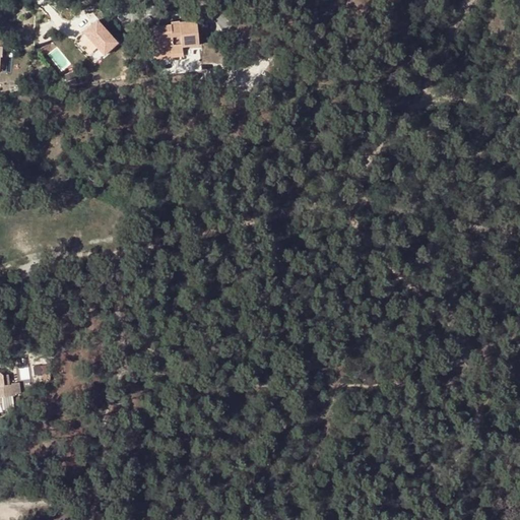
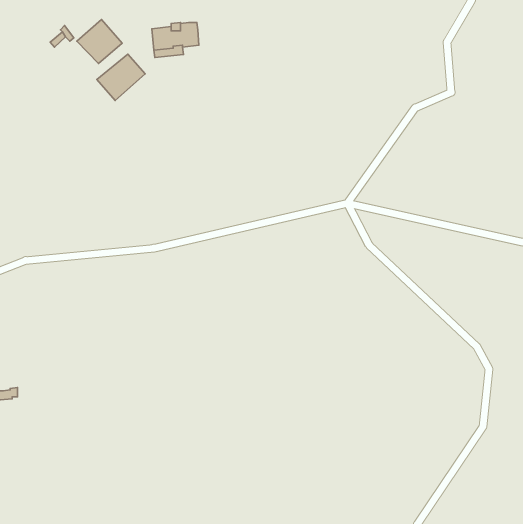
building: none -> [97,54,145,100]

